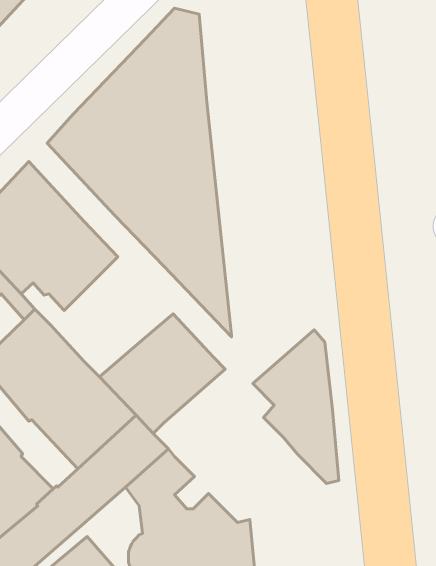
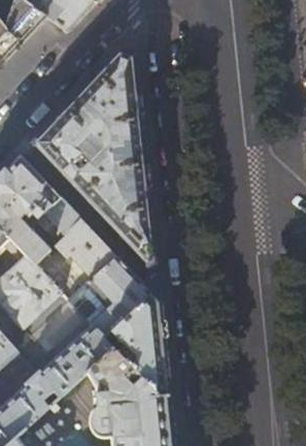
building: none -> [35,218,117,288]
building: [253,330,339,484] -> [111,293,169,396]

